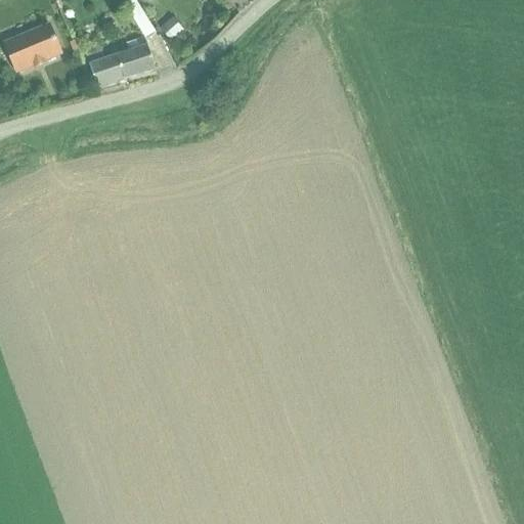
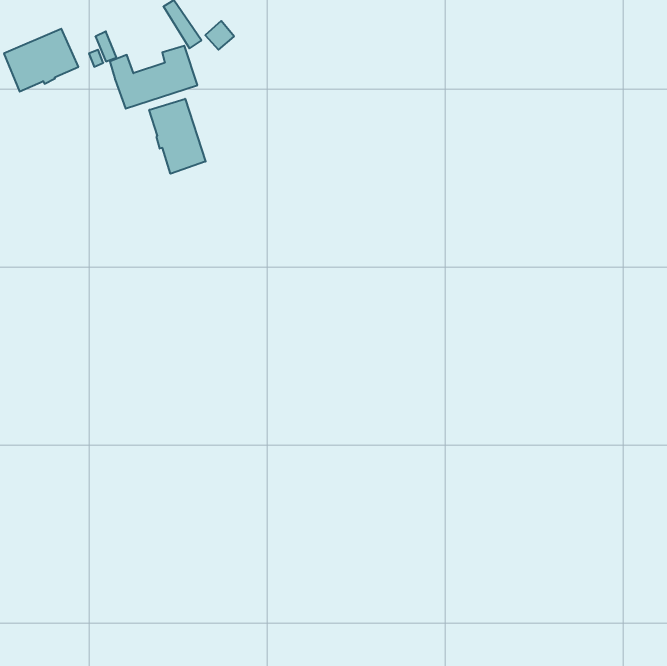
building: none -> [149,99,206,174]

